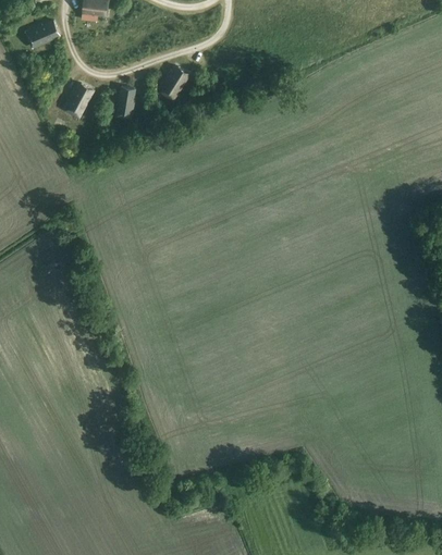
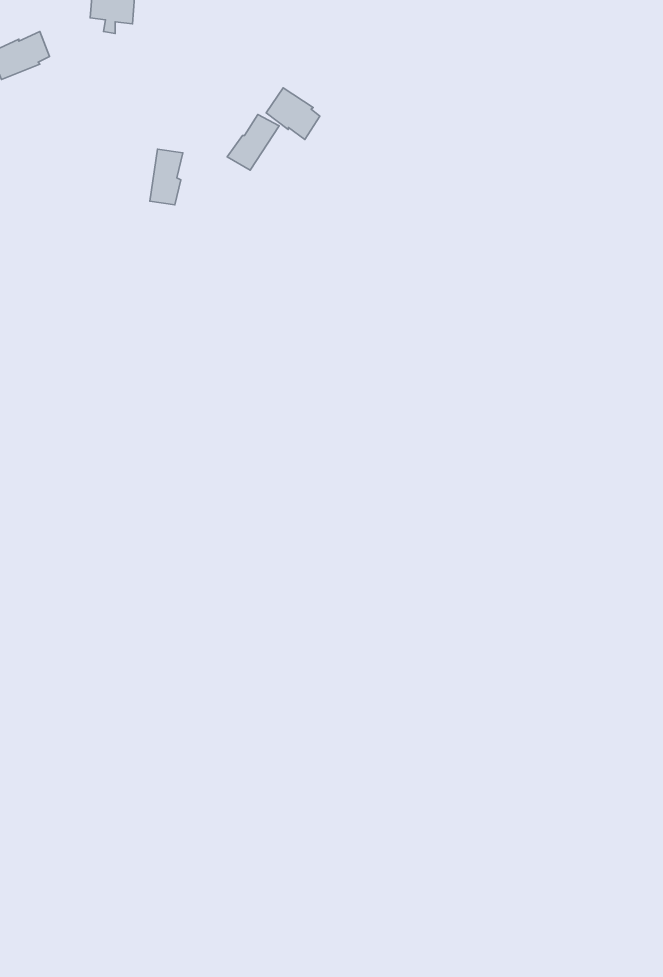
building: none -> [266,88,320,139]
building: [64,83,91,115] -> none

